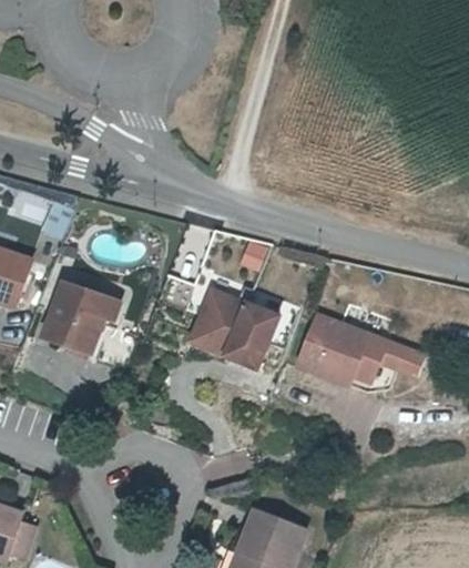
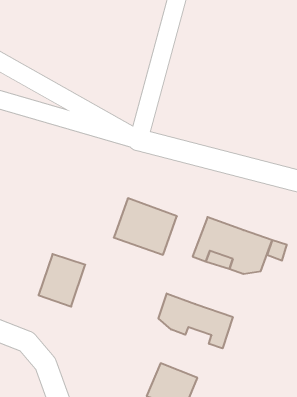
building: [43,285,106,356] -> [38,254,85,307]
building: none -> [158,293,233,348]

